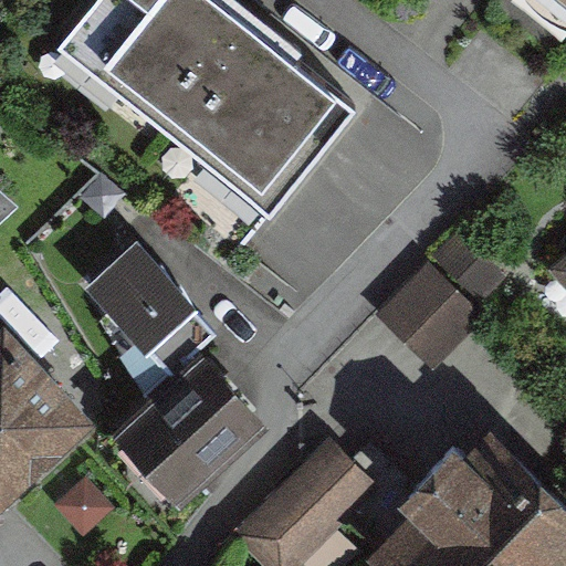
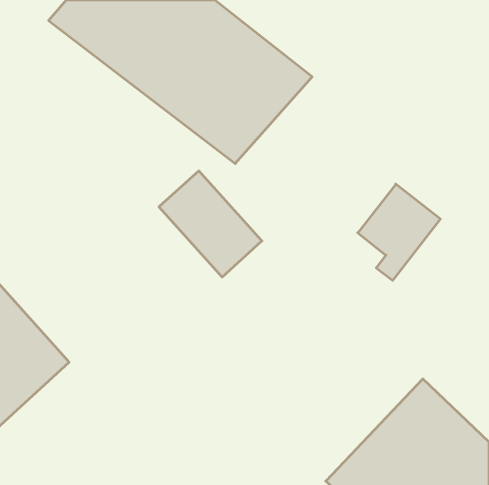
building: [92,260,209,380] -> [159,171,262,277]
building: [117,370,249,500] -> none
building: [260,452,360,556] -> none

